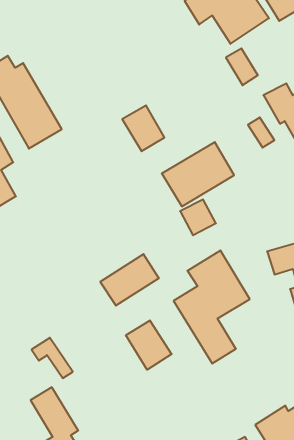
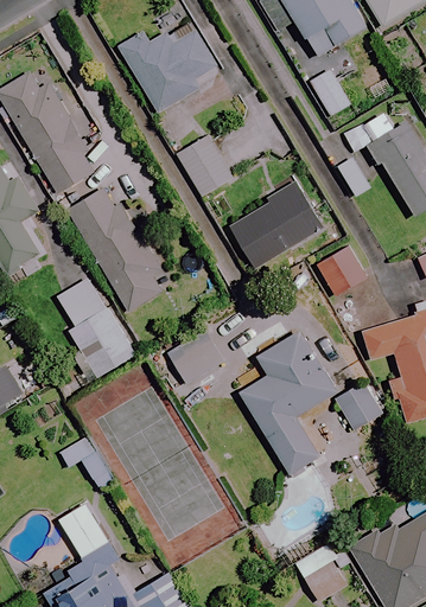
building: none -> [117,21,217,114]
building: none -> [66,184,160,312]
building: [180,199,216,235] -> [318,248,364,294]
building: none -> [56,277,134,377]
building: none -> [333,382,382,432]
building: [126,320,172,370] -> none

